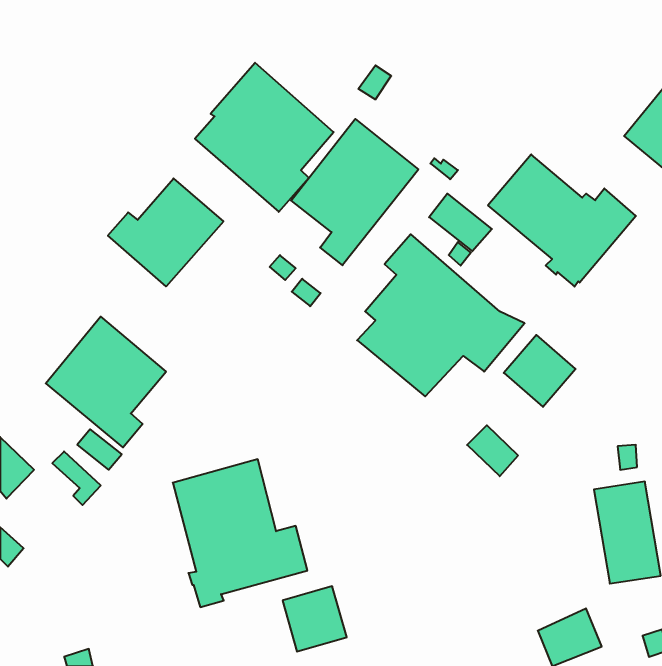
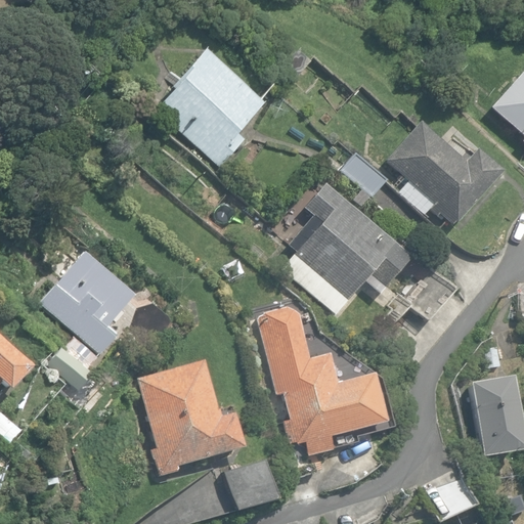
building: [291,119,418,265] -> none
building: [108,178,223,286] -> none
building: none -> [259,308,386,455]

